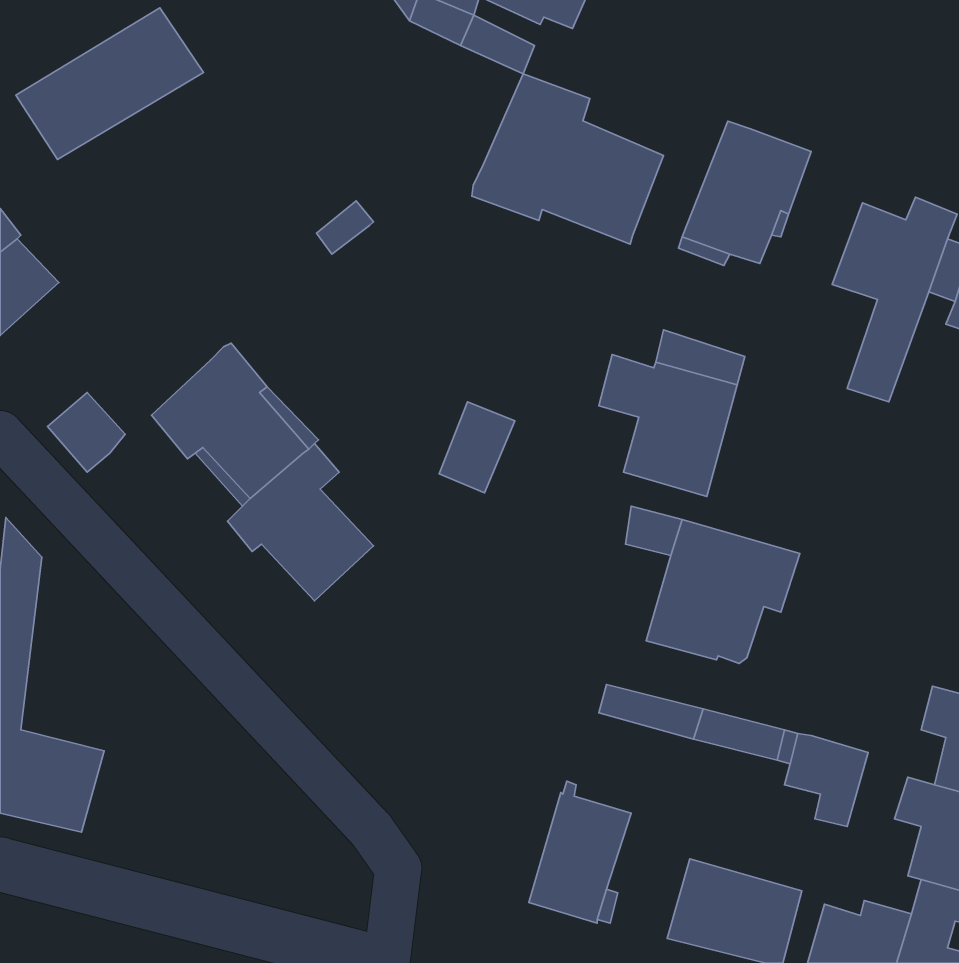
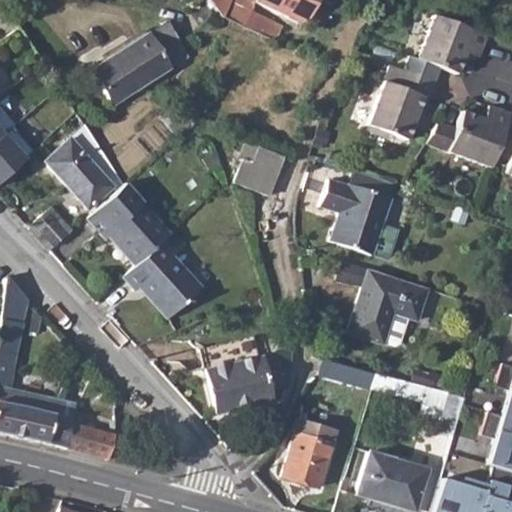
building: [16,8,204,160] -> [91,25,190,105]
building: none -> [401,15,487,80]
building: [472,74,664,244] -> none
building: none -> [45,123,123,207]
building: [439,402,515,493] -> [242,150,282,198]
building: none -> [203,336,292,414]
building: none -> [48,396,113,455]

